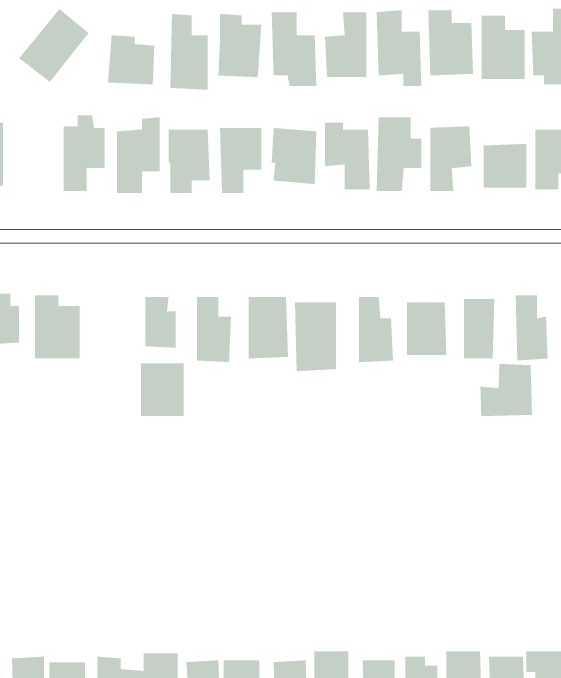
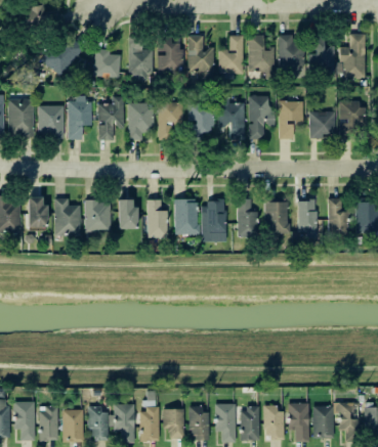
building: none -> [38,105,65,138]
building: [140,363,185,416] -> [84,200,110,231]
building: [480,363,532,417] -> none

